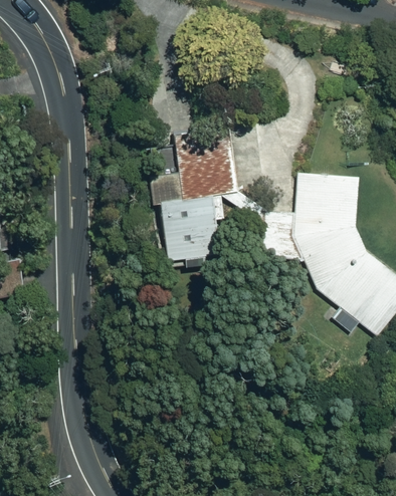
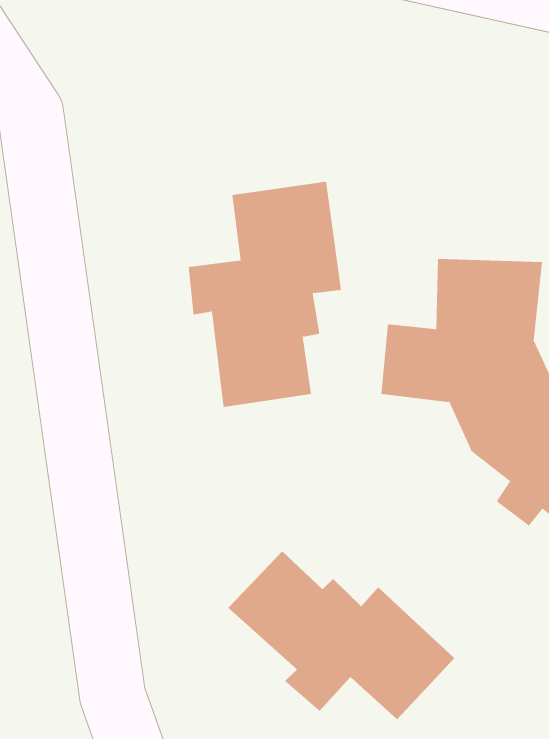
building: none -> [228,551,455,720]

